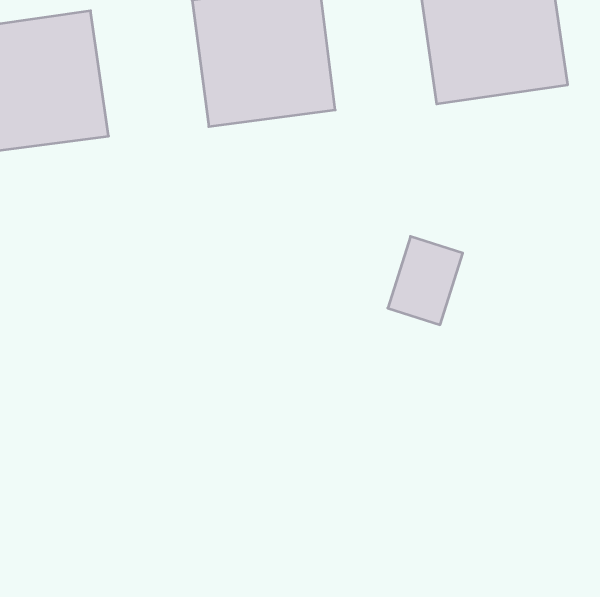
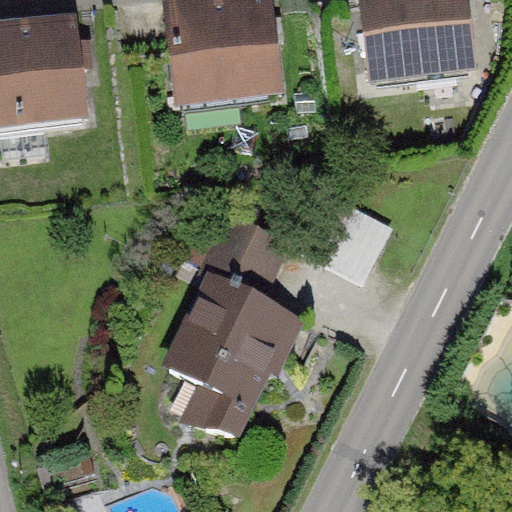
building: none -> [161,211,305,443]

